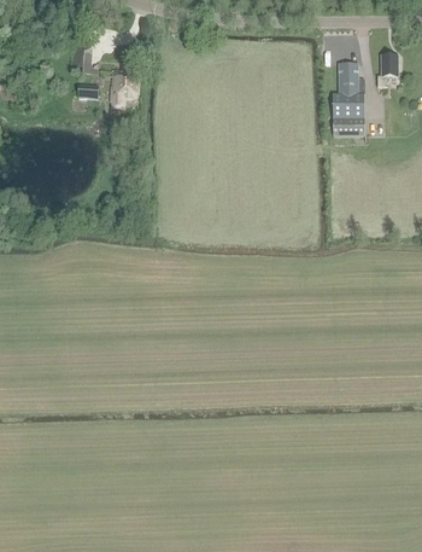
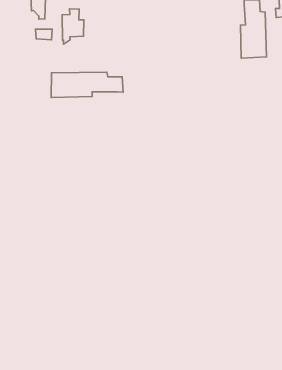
building: none -> [51,72,123,97]

